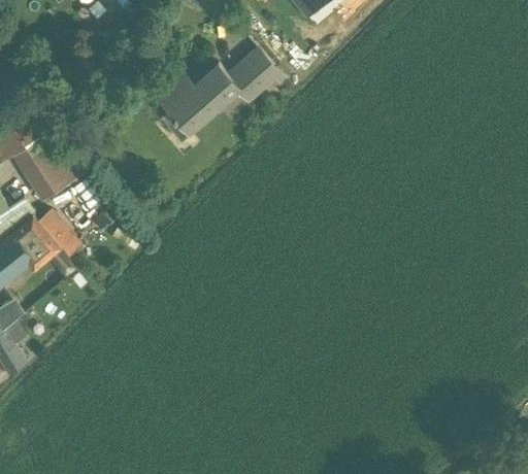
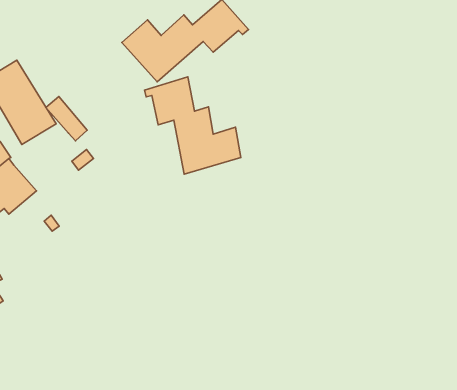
building: none -> [145,77,241,174]
building: [37,210,80,257] -> [46,97,87,141]

